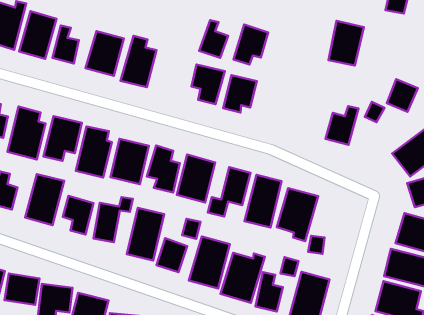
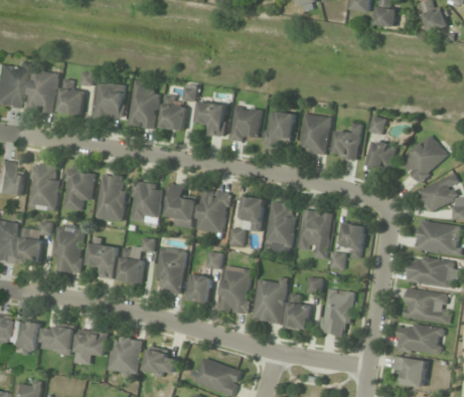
building: [199,20,228,58] -> [160,95,186,131]
building: [328,21,364,66] -> [300,114,330,155]
building: [234,24,268,64] -> [264,110,294,148]
building: [387,79,418,112] -> [368,140,397,170]
building: none -> [340,222,365,258]

